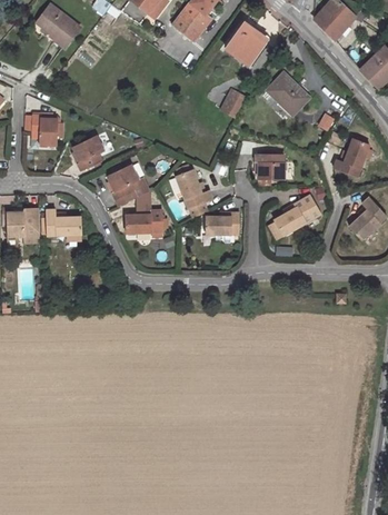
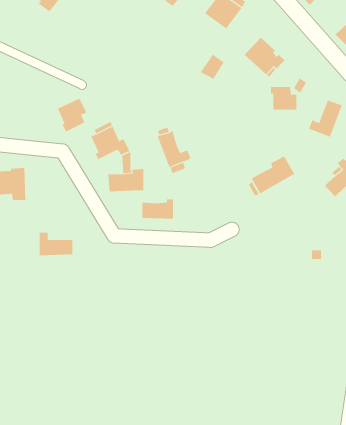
building: [31,115,58,145] -> none
building: [256,155,283,179] -> [270,87,297,110]
building: [46,210,81,235] -> [39,232,73,256]
building: [205,212,238,234] -> [142,199,174,219]

